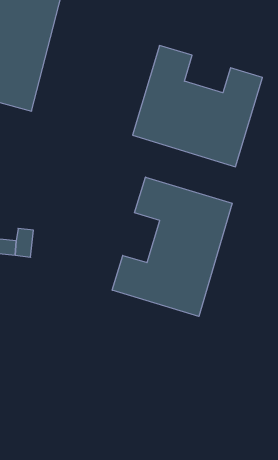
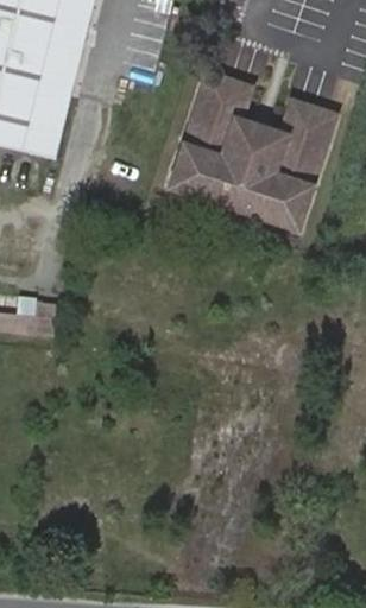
building: [112,177,232,316] -> none

